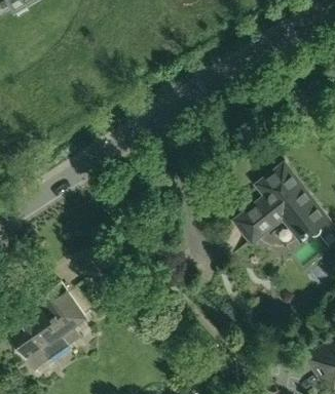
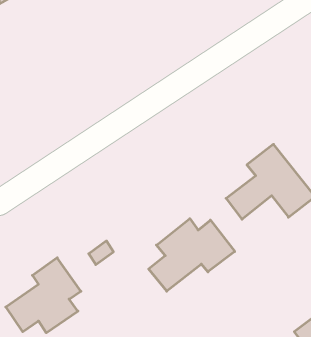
building: none -> [149,219,235,291]

